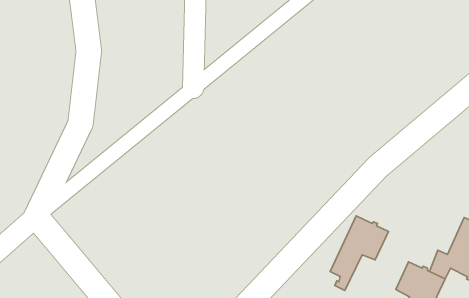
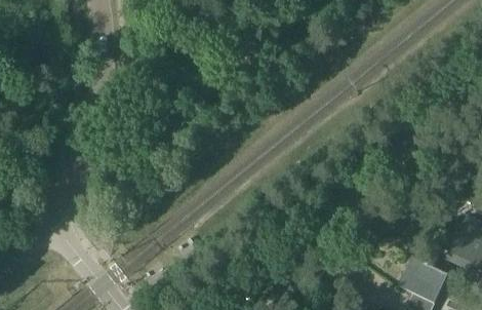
building: [330,216,389,290] -> none

